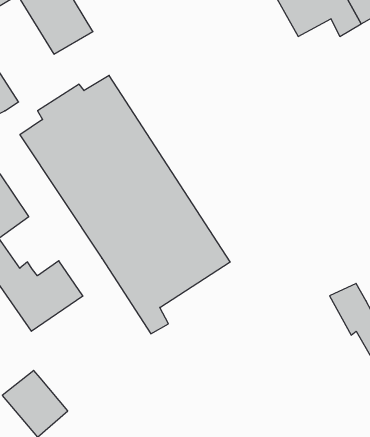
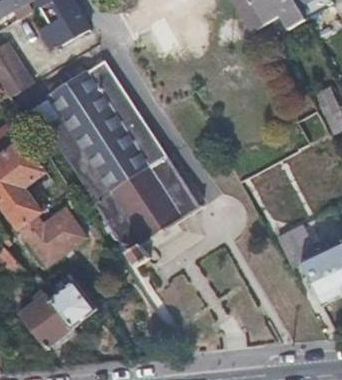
building: none -> [50,284,94,328]

